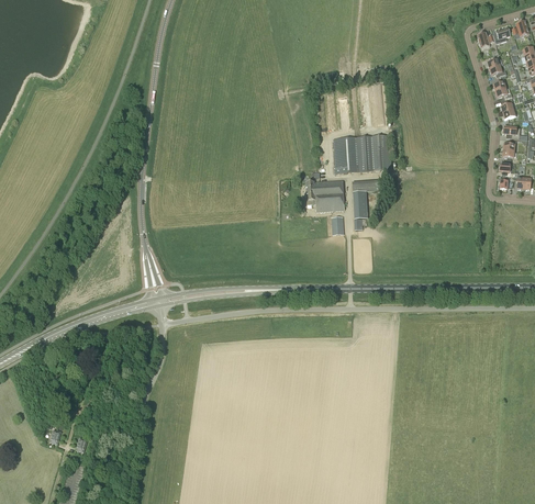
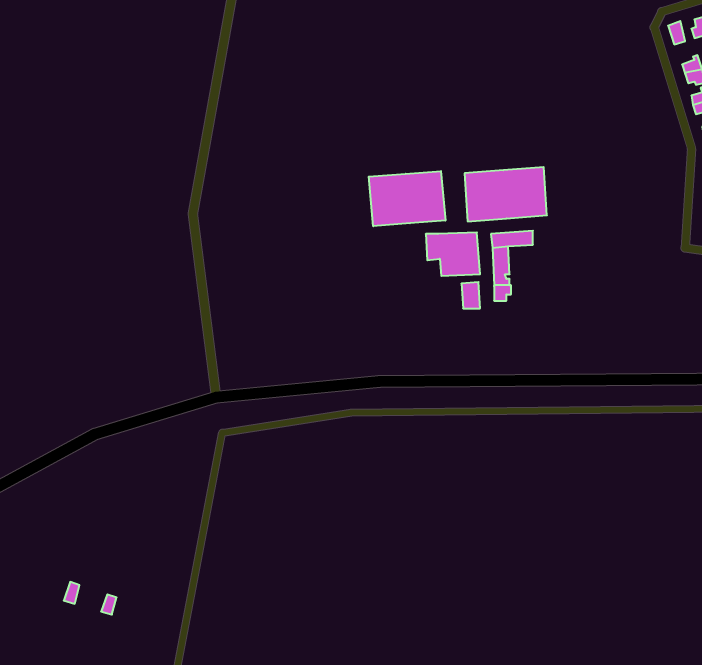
building: none -> [369,171,445,226]

